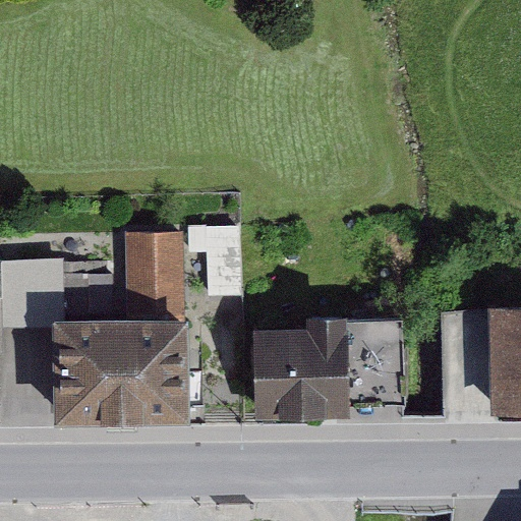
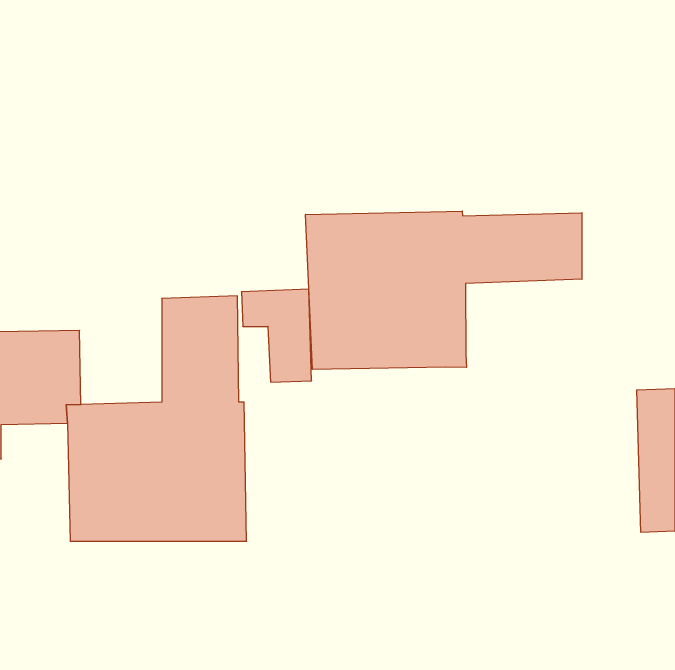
building: none -> [306,211,582,369]
building: [251,313,406,423] -> none

